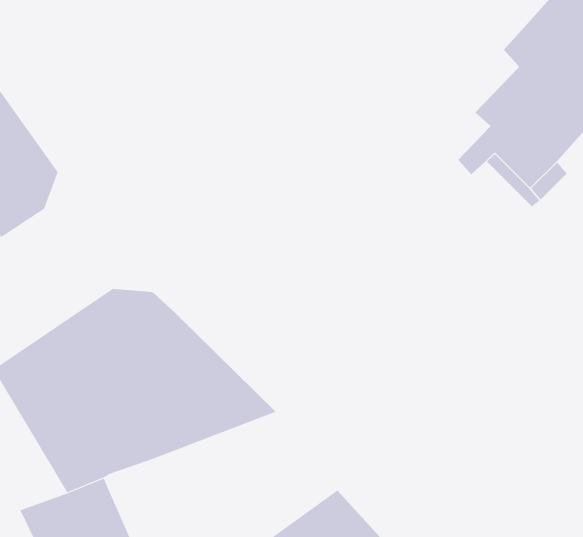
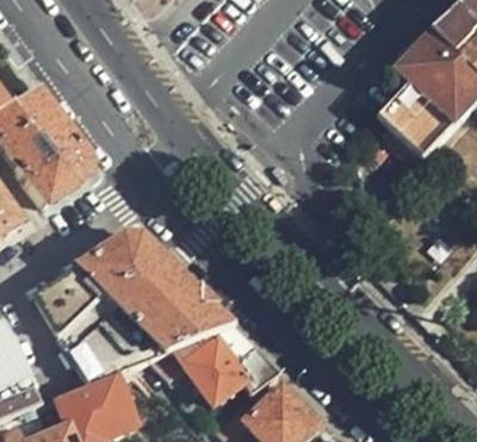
building: none -> [151,323,284,400]

